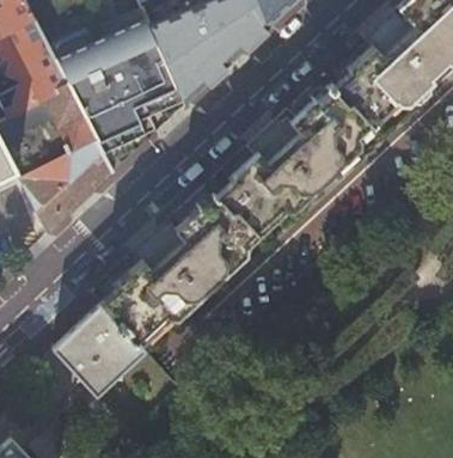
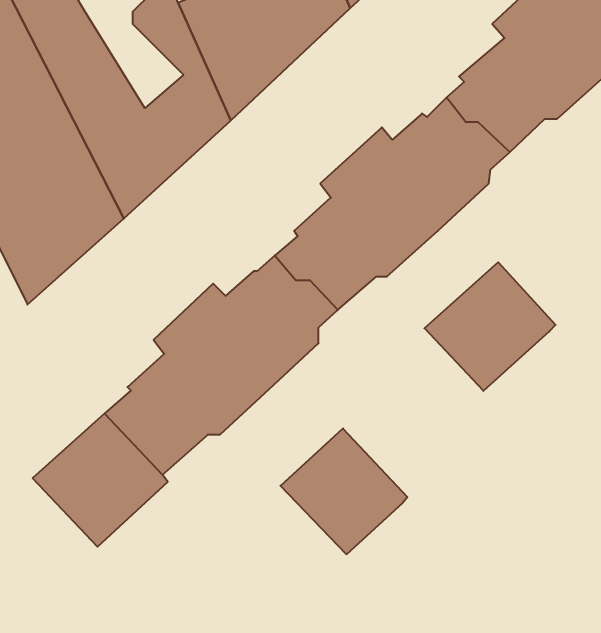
building: none -> [424,262,556,391]
building: none -> [280,428,407,554]

